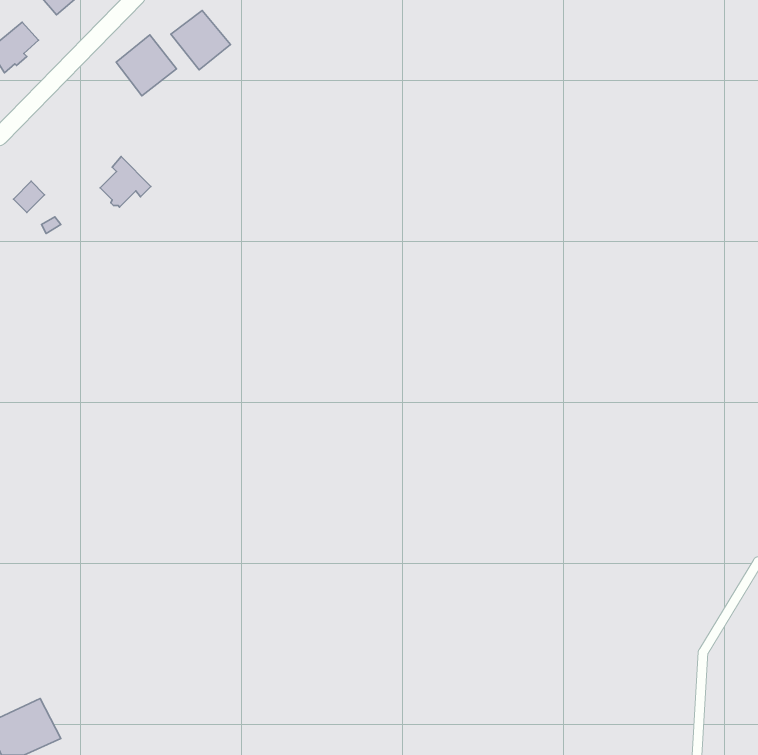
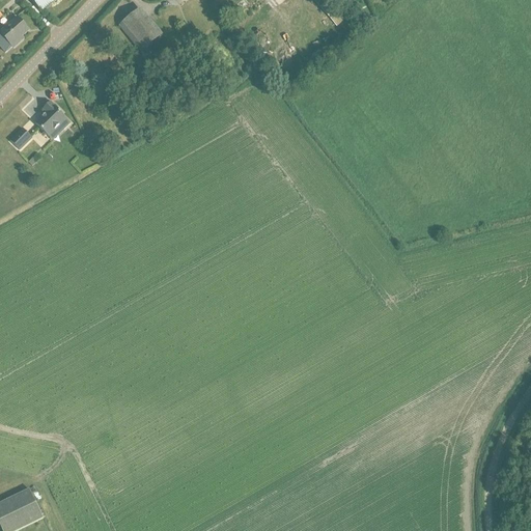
building: [116,35,177,96] -> none
building: [100,157,151,207] -> [34,100,69,135]

